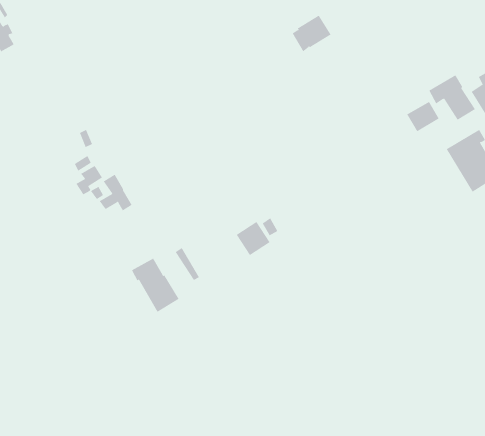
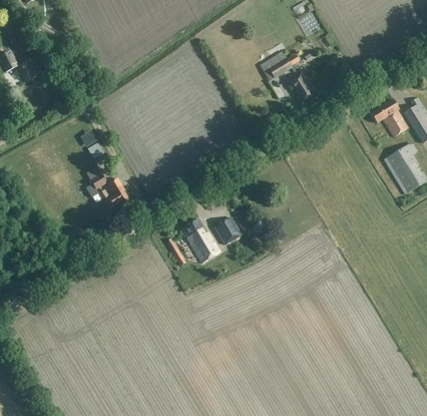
building: none -> [286,72,312,100]
building: [407,101,440,132] -> none
building: [131,258,180,313] -> [179,219,219,263]

